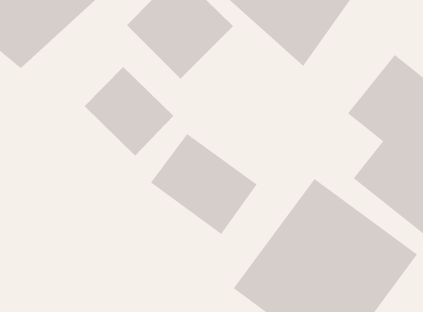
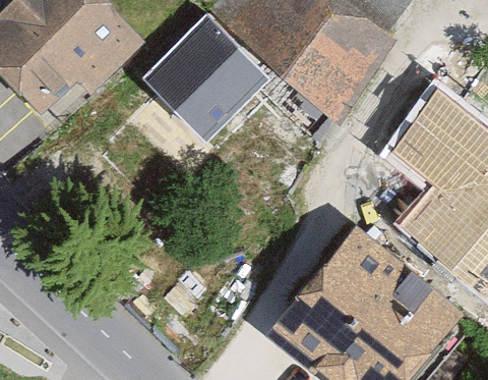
building: [84,66,174,156] -> none
building: [150,133,258,235] -> none

